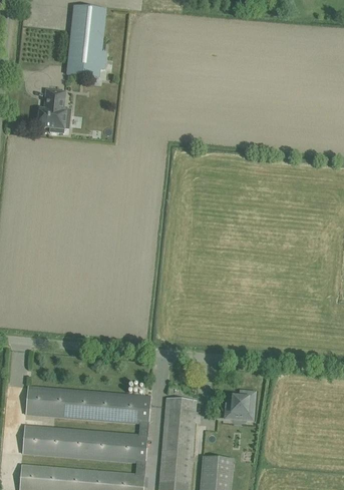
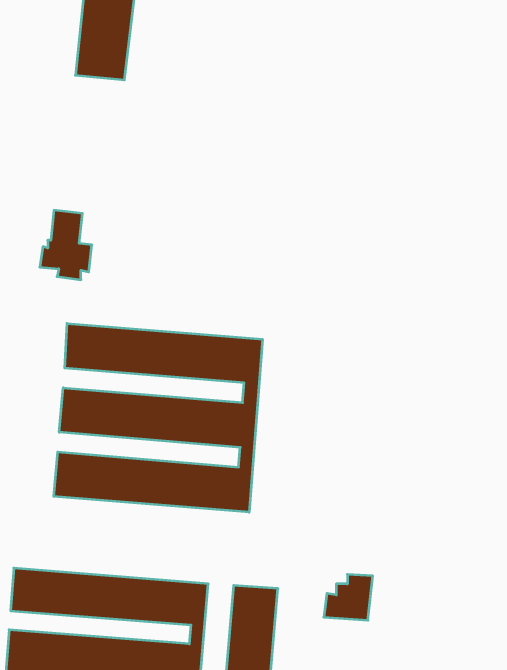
building: [37,89,70,133] -> [40,210,92,280]
building: none -> [54,323,262,512]

